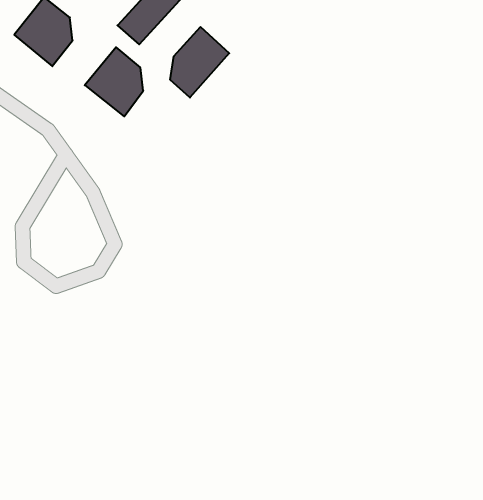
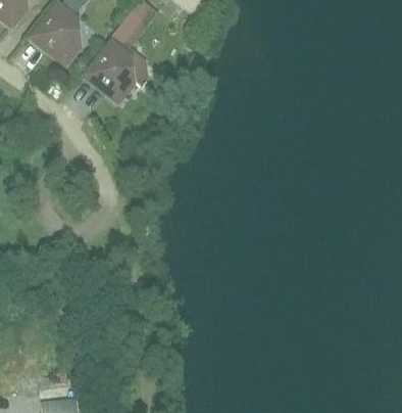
building: [170,27,229,98] -> none

